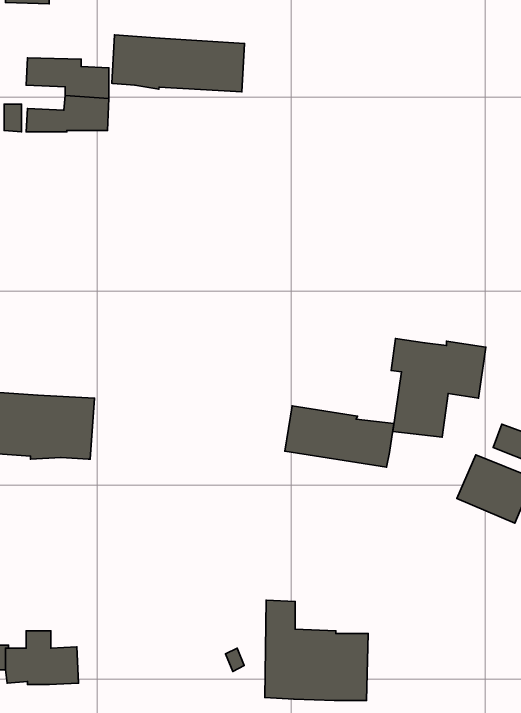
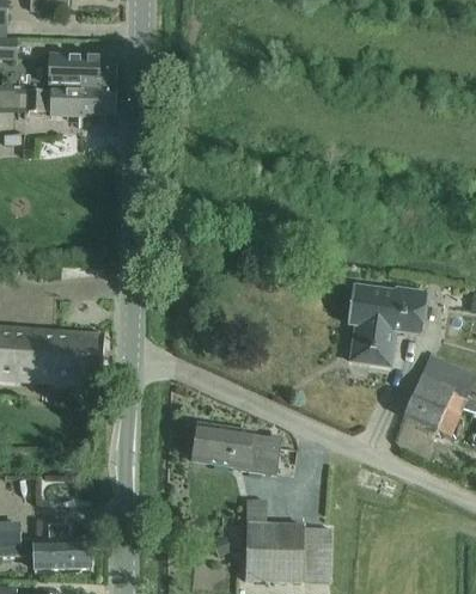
building: [112,35,245,92] -> none
building: [285,406,394,467] -> [191,423,281,473]

